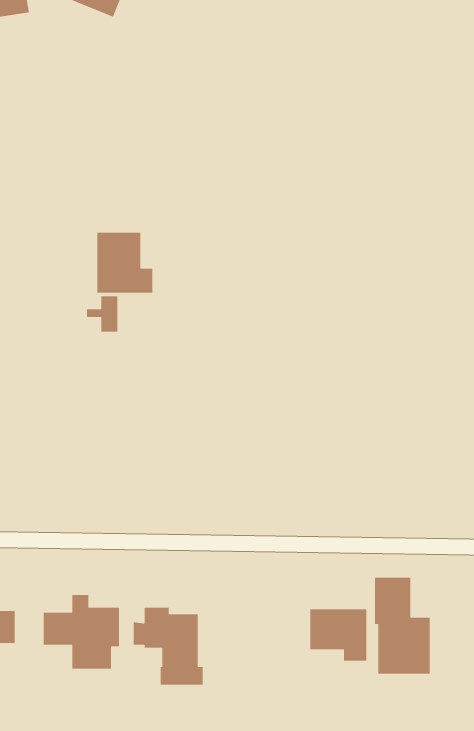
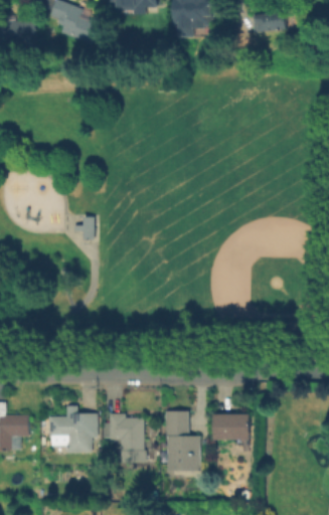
building: [96,232,153,293] -> none
building: [374,577,430,675] -> [163,410,198,472]

